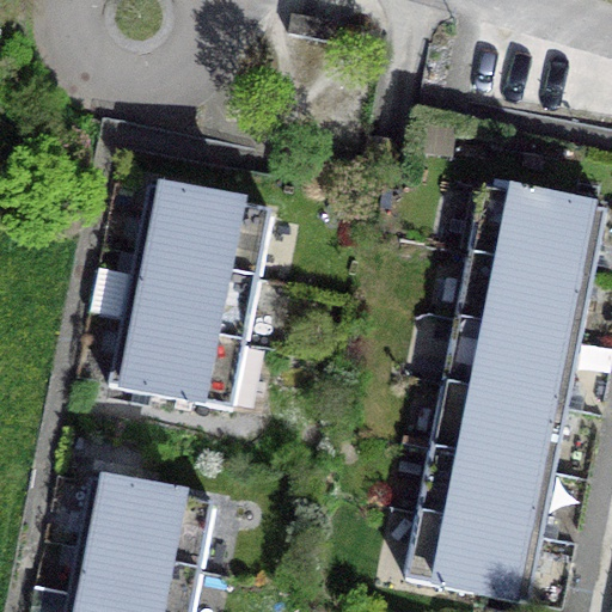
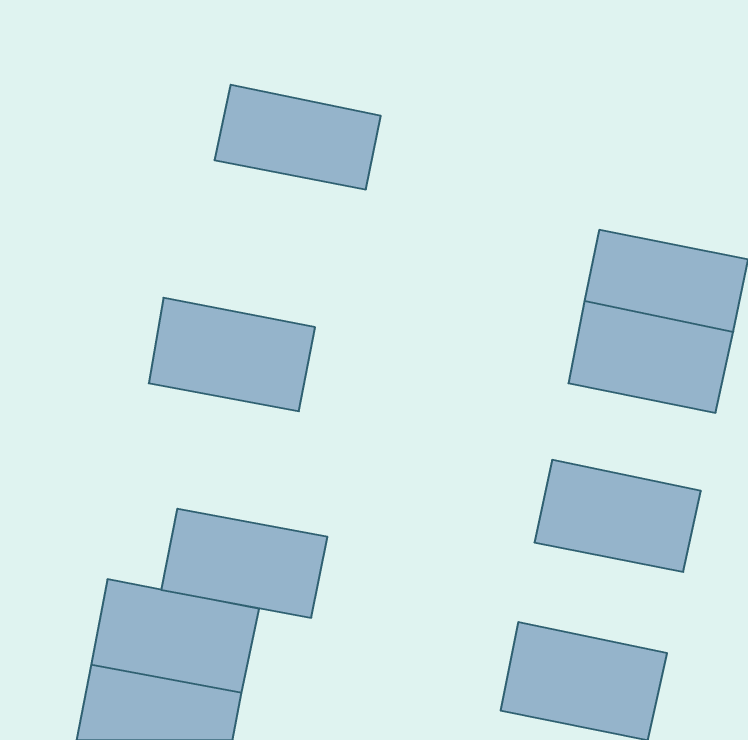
building: [136,180,271,265] -> [214,85,381,189]
building: [111,311,246,399] -> [161,509,327,618]
building: [452,311,585,398] -> none
building: [424,440,558,530] -> none

